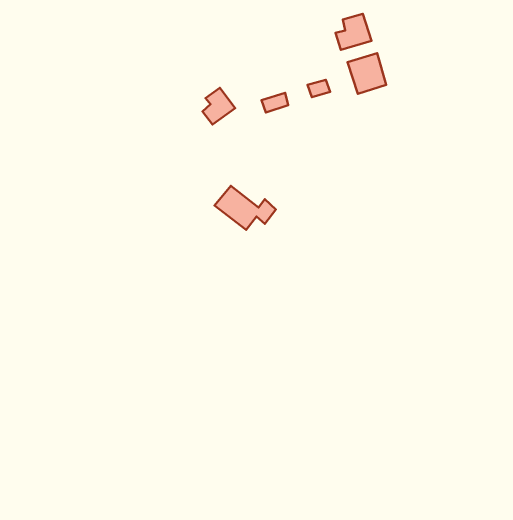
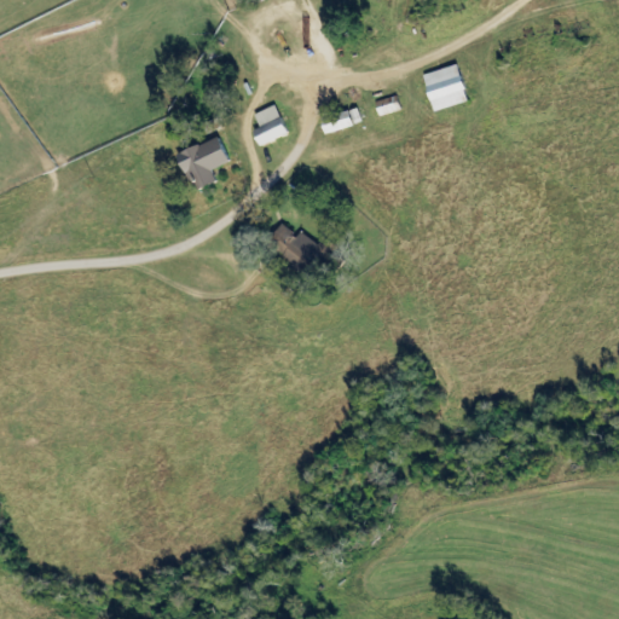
building: [335,14,371,50] -> none
building: none -> [177,134,230,191]

